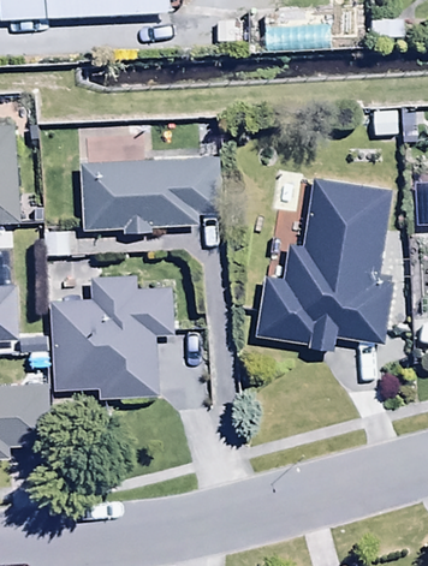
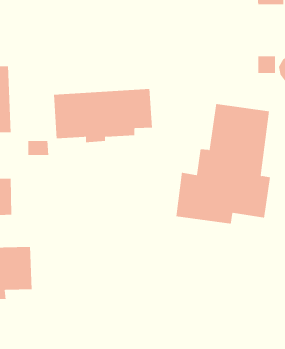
building: [52,273,178,400] -> none

